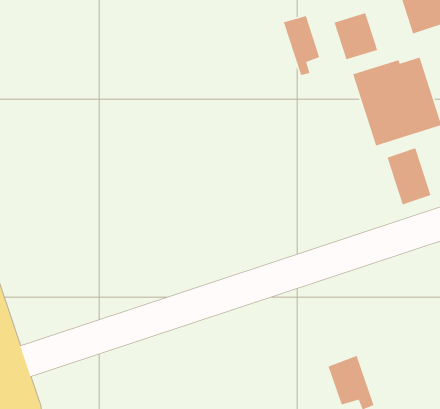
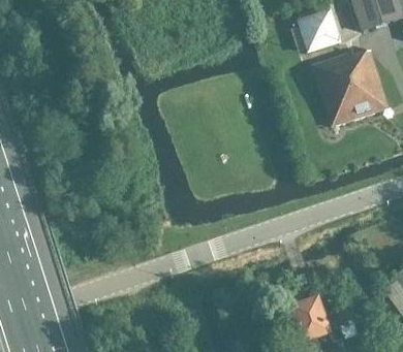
building: [283,15,320,76] -> none
building: [387,147,431,206] -> none

